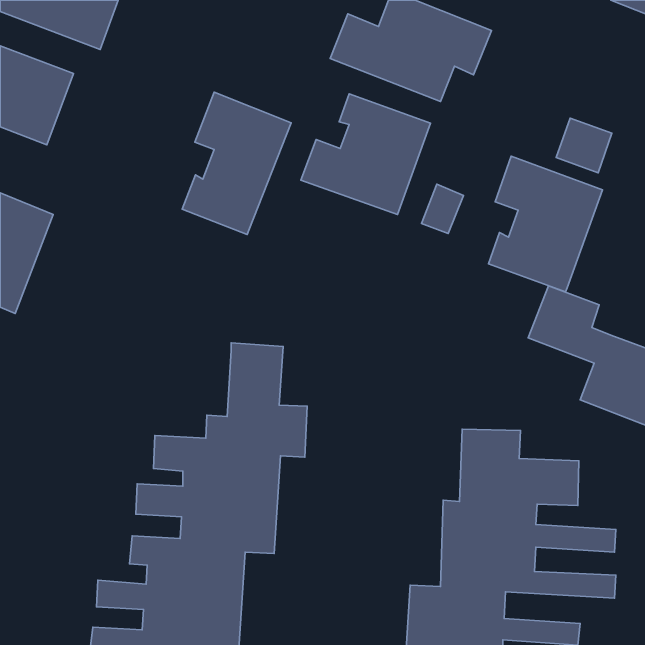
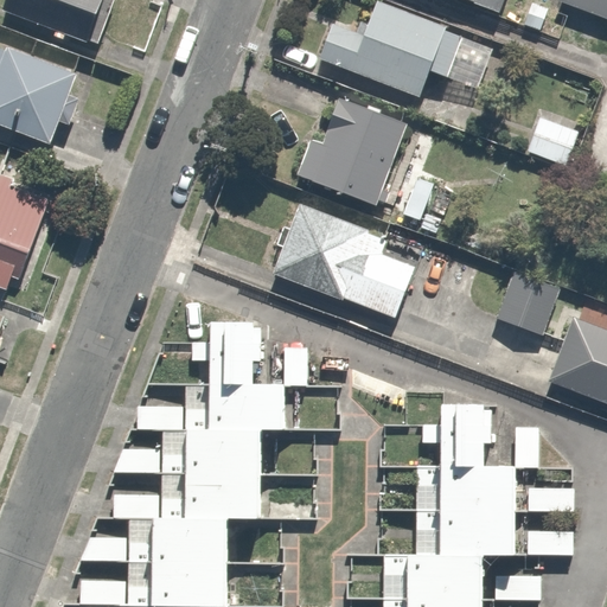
building: [182,92,291,235] -> none
building: [488,156,603,292] -> none
building: none -> [270,202,414,317]

